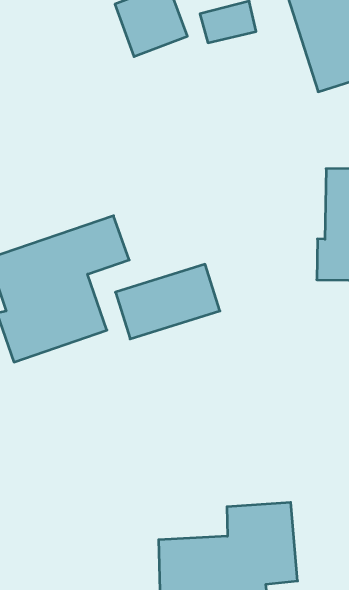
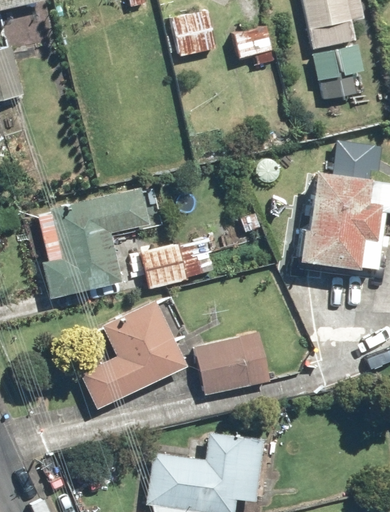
building: none -> [75,297,186,407]
building: none -> [192,335,273,395]

